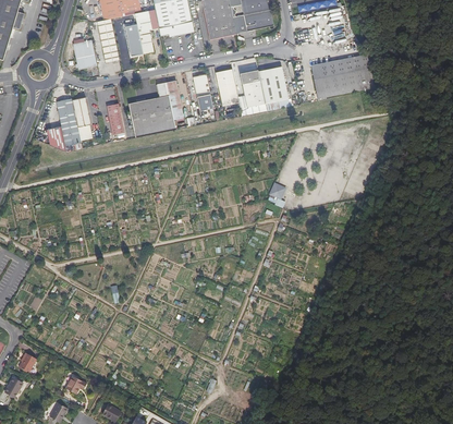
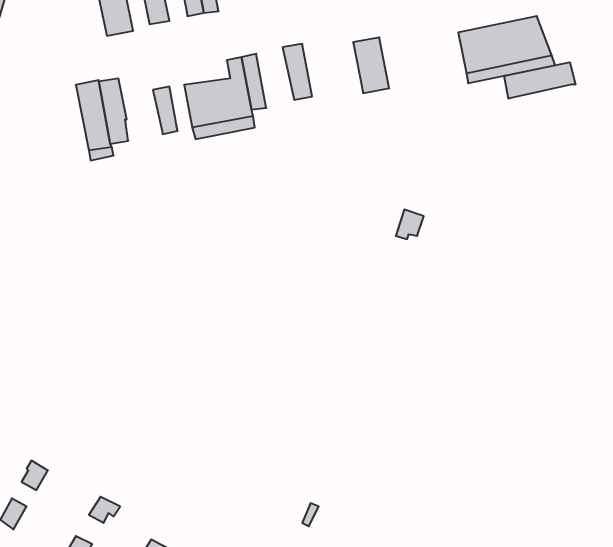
building: [257,65,289,102] -> none
building: [217,68,237,104] -> none
building: none -> [504,62,576,99]

